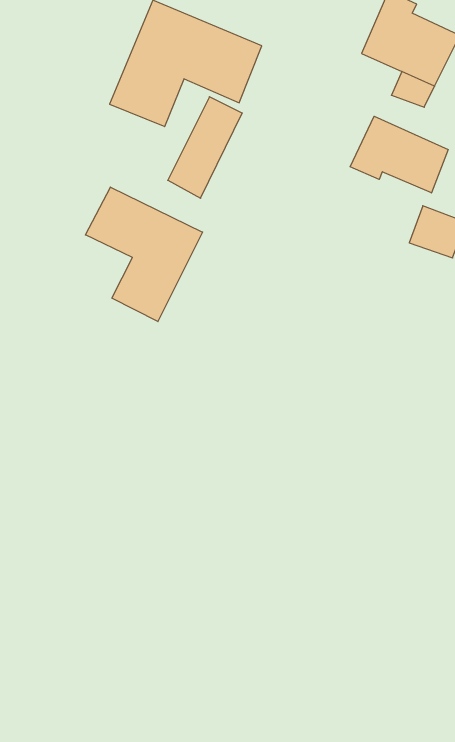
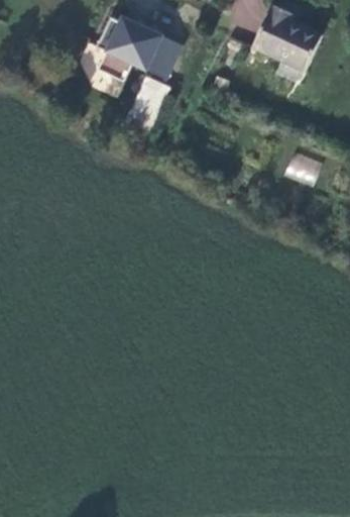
building: [350,116,448,193] -> none
building: [85,187,203,322] -> none

